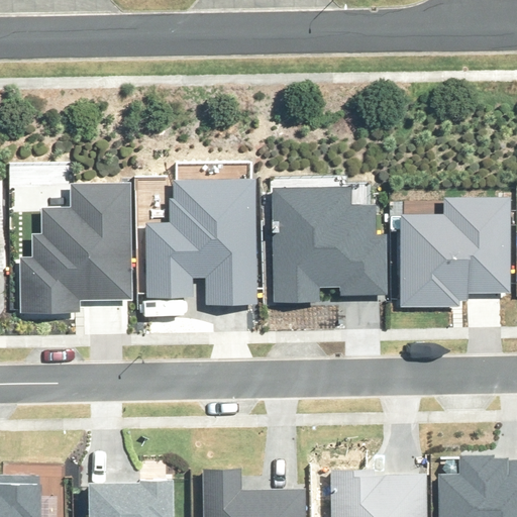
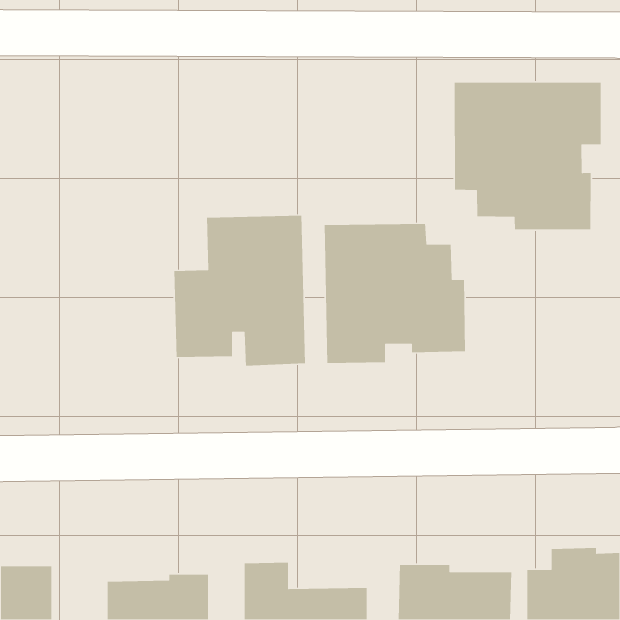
building: none -> [454,82,602,230]
building: [20,186,130,313] -> none
building: [403,198,511,306] -> none

